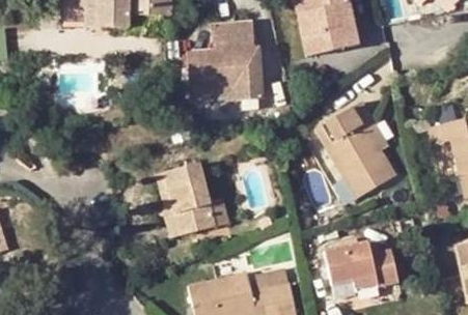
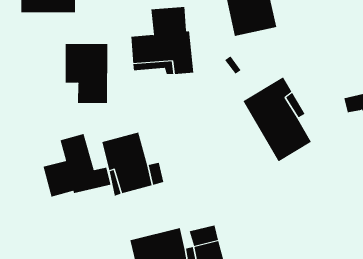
building: none -> [65,43,108,104]
building: none -> [43,133,111,197]
building: [325,240,397,292] -> none

